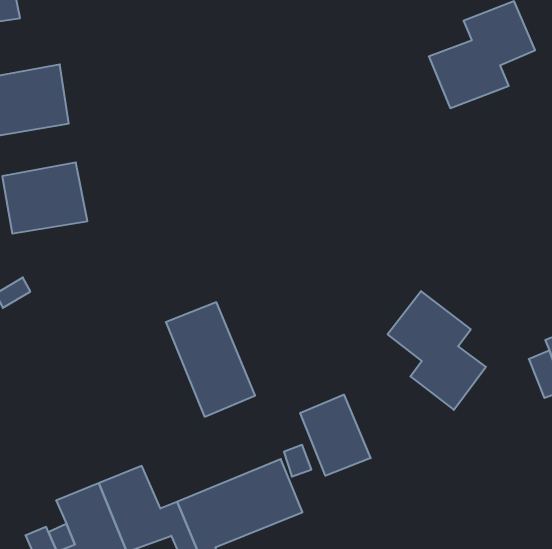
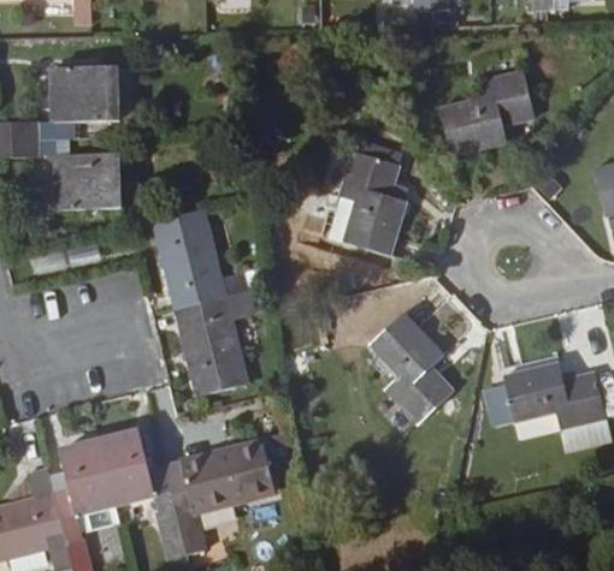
building: none -> [338,147,406,251]
building: none -> [157,209,225,308]
building: [300,395,371,476] -> none

